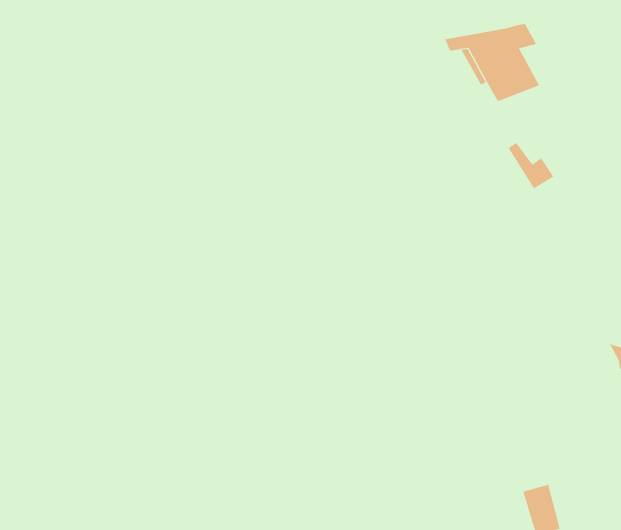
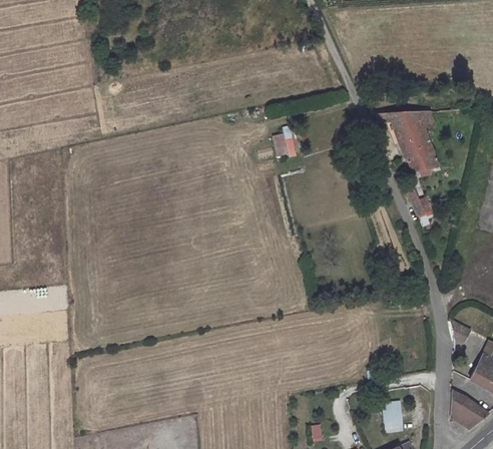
building: none -> [274,126,294,157]
building: none -> [404,151,438,170]

